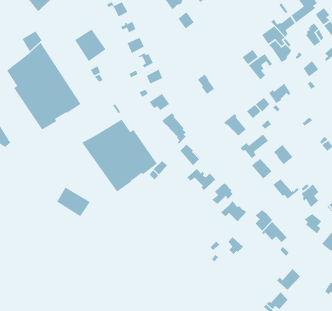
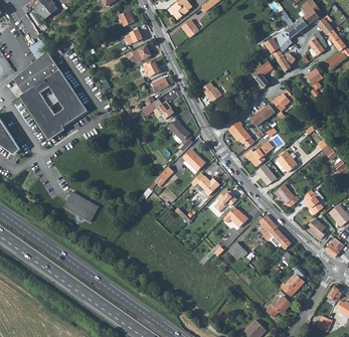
building: [74,28,106,62] -> none
building: [81,119,158,193] -> none

